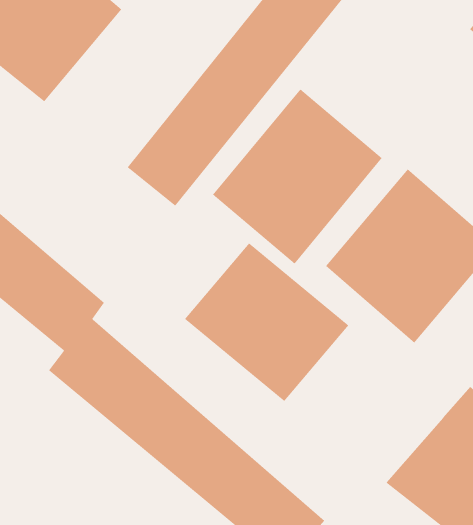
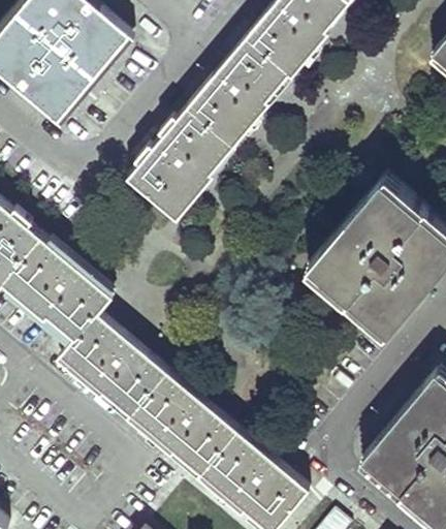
building: [212,89,383,264] -> none
building: [184,242,349,402] -> none

